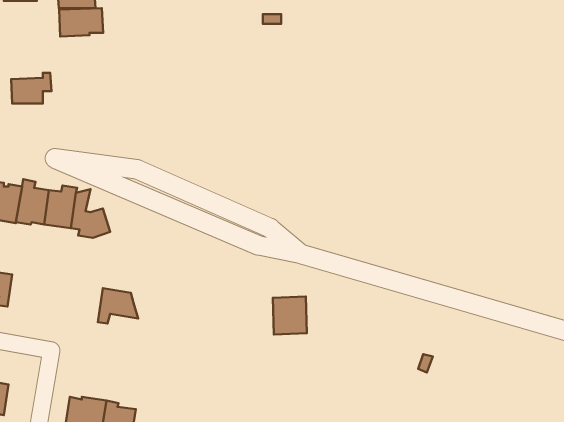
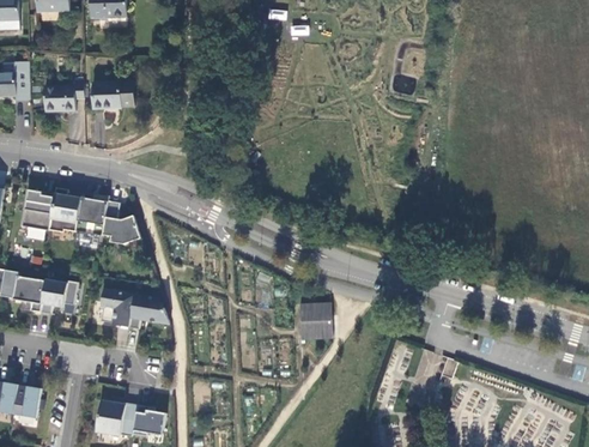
building: [59,8,103,36] -> [91,83,134,110]
building: none -> [40,279,77,314]
building: none -> [101,289,133,327]

